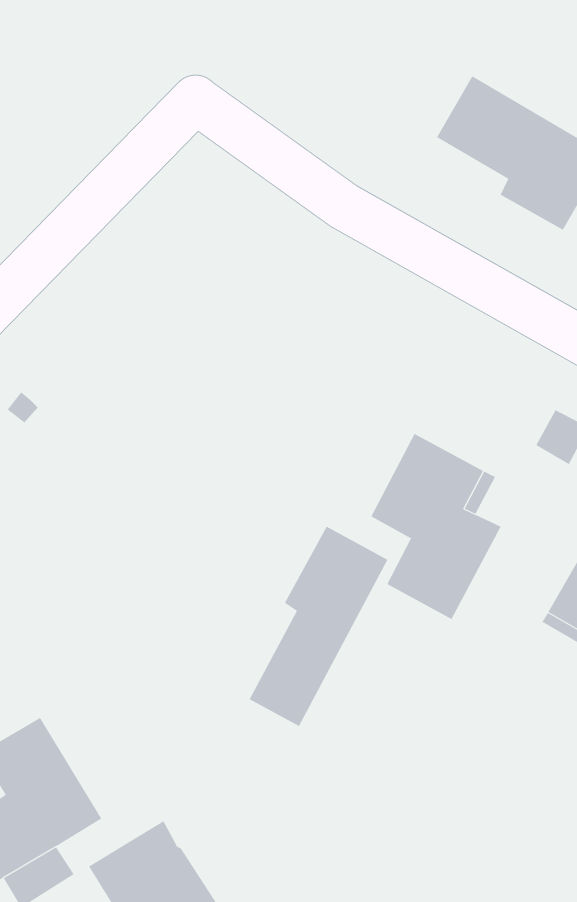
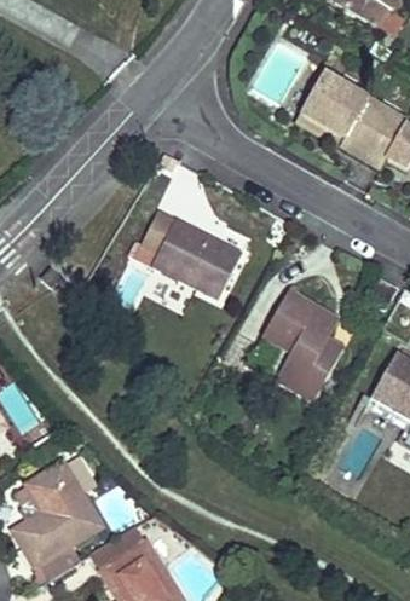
building: none -> [129,204,236,296]
building: [249,526,388,727] -> none

